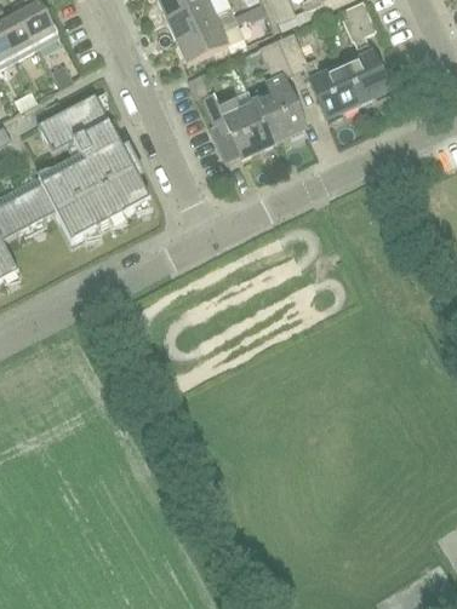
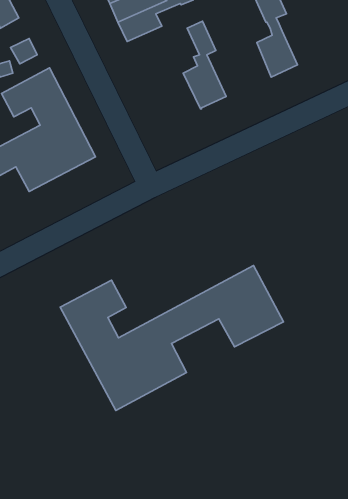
building: [278,30,359,117] -> none
building: [201,91,275,156] -> none
building: none -> [60,265,283,411]

